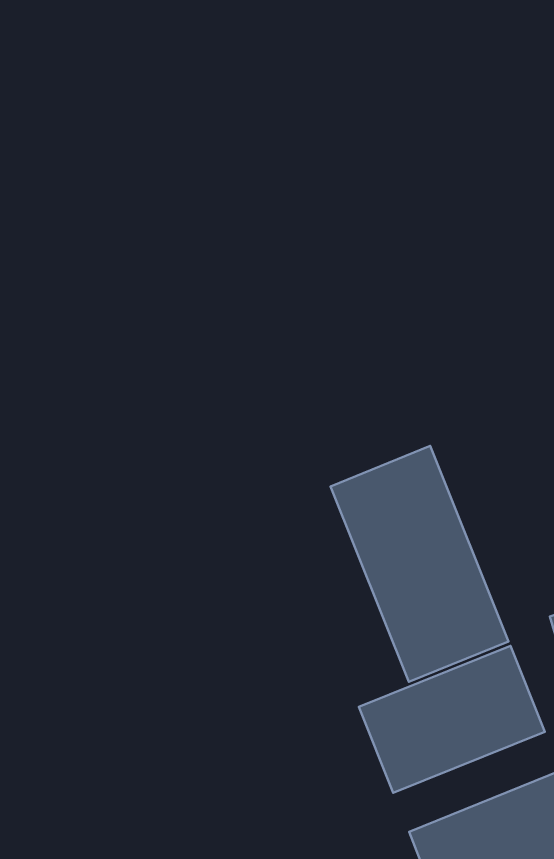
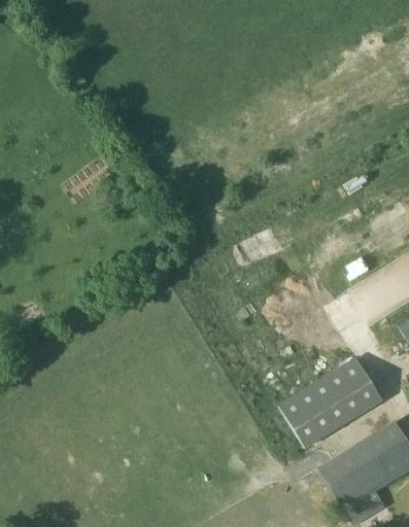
building: [330,446,509,682] -> none

